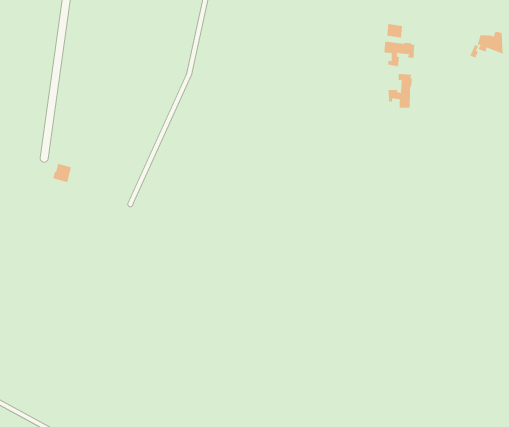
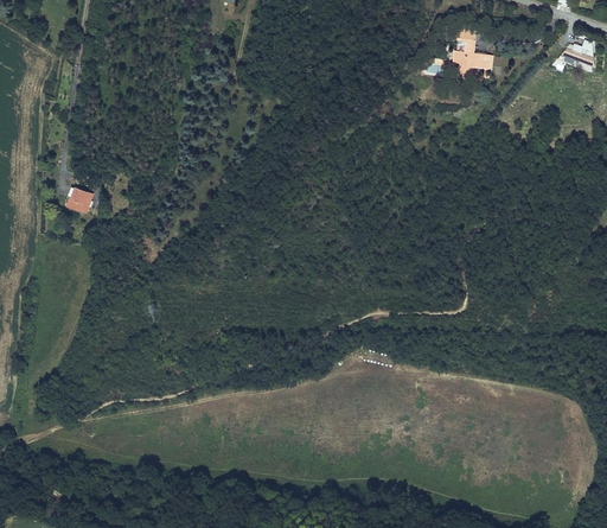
building: [388,73,412,109] -> none

